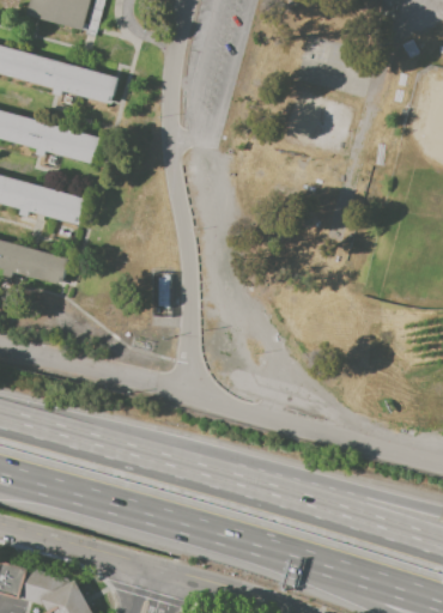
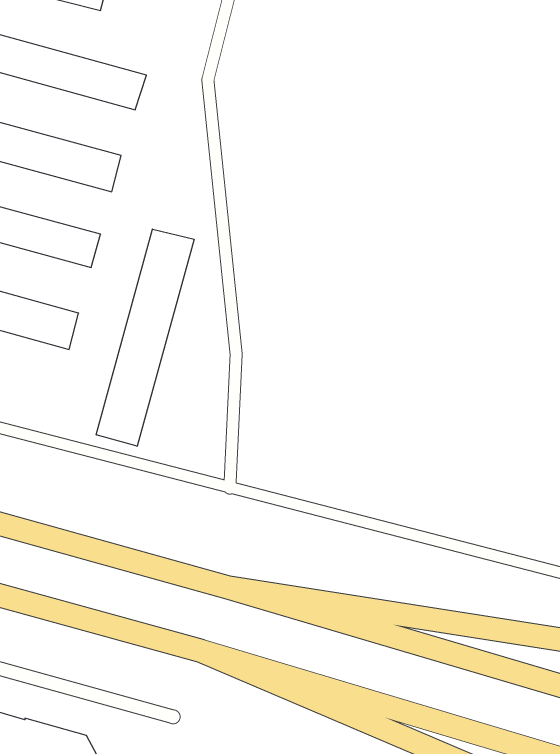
building: none -> [96,229,194,446]

